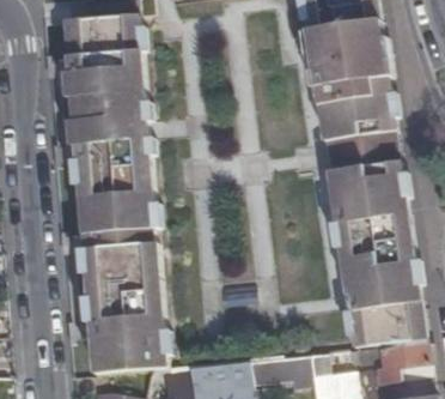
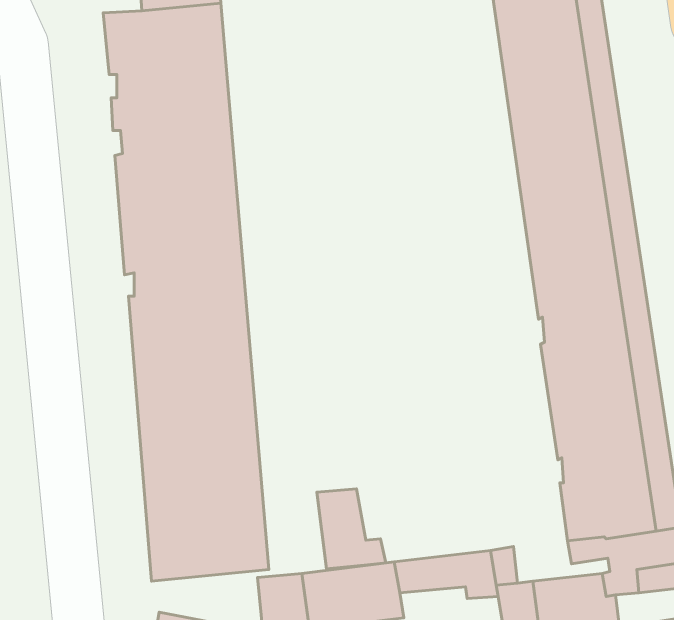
building: none -> [317,489,386,569]

